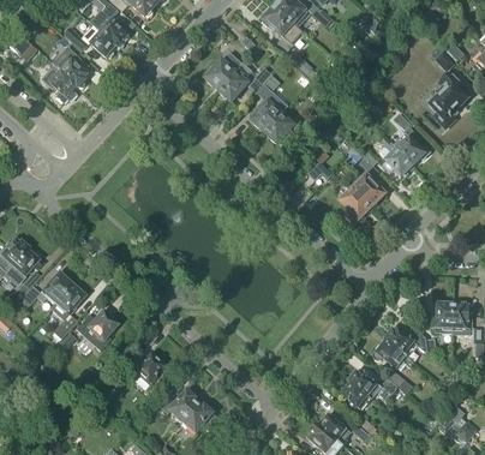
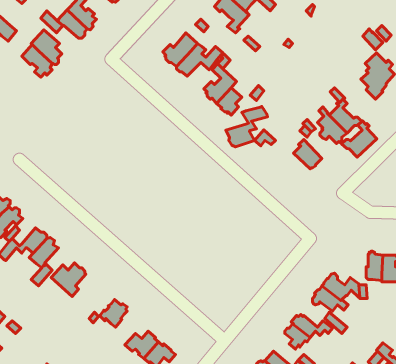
building: none -> [226,107,268,147]
building: none -> [341,121,377,157]
building: [341,187,371,223] -> none

